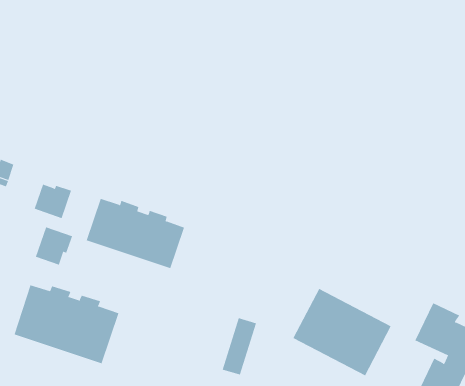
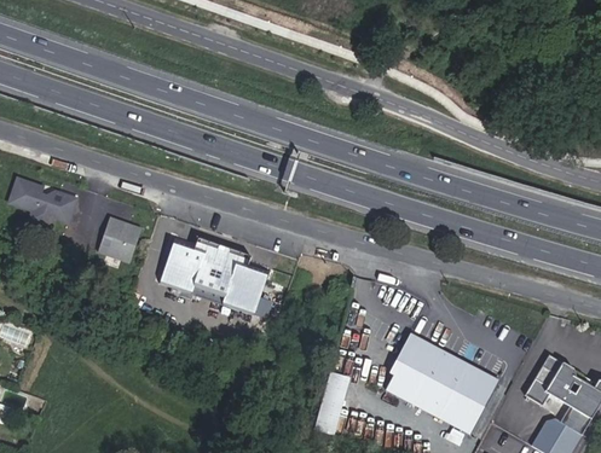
building: [35,227,73,265] -> none
building: [14,284,119,364] -> none

